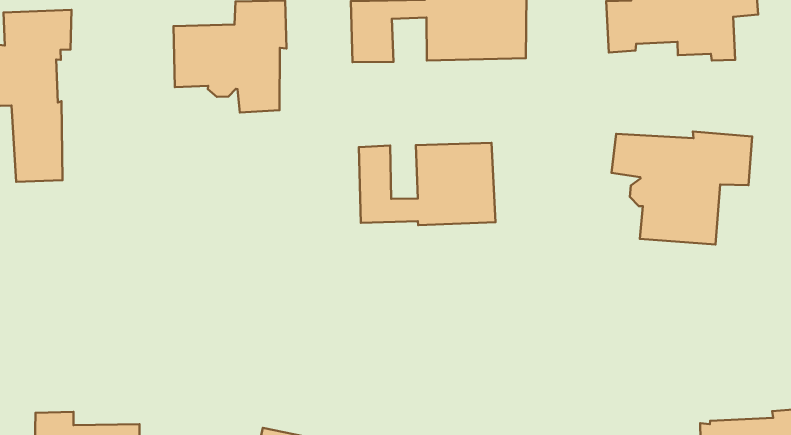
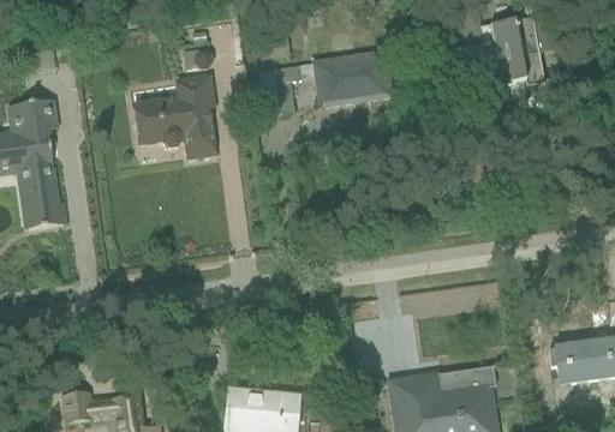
building: [611,132,752,245] -> none
building: [359,143,495,225] -> none

